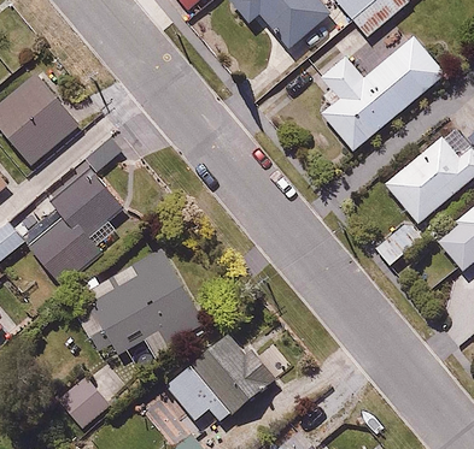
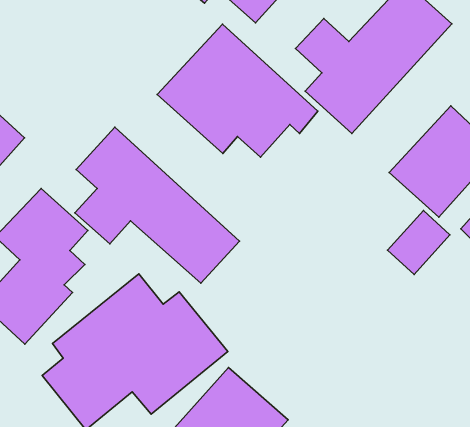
building: none -> [157,24,318,157]
building: none -> [75,127,239,283]

